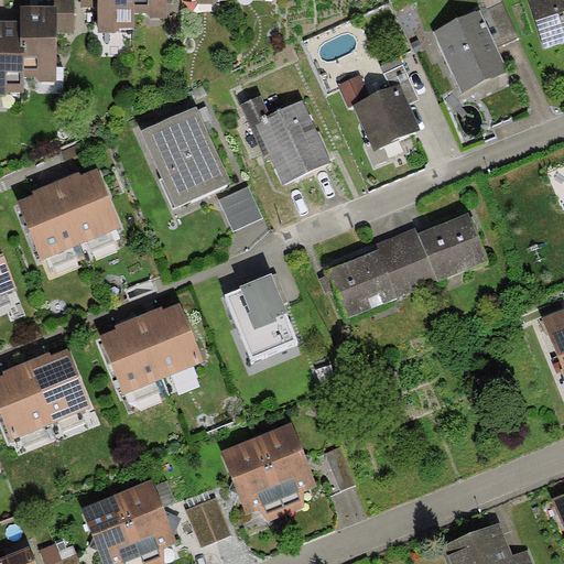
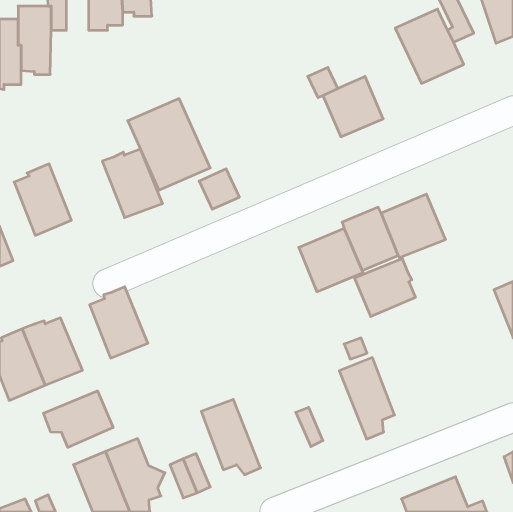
building: [240,95,329,185] -> none
building: [54,166,120,241] -> [102,149,163,218]
building: [225,275,296,360] -> none
building: none -> [355,258,415,317]
building: [137,301,202,376] -> none
building: [256,423,316,512] -> [339,358,395,439]
building: none -> [44,391,113,447]

